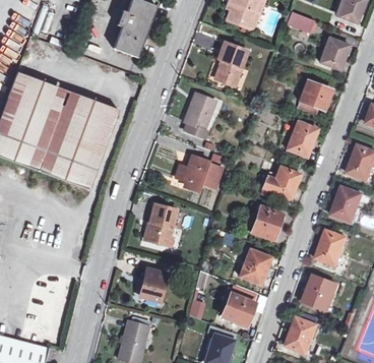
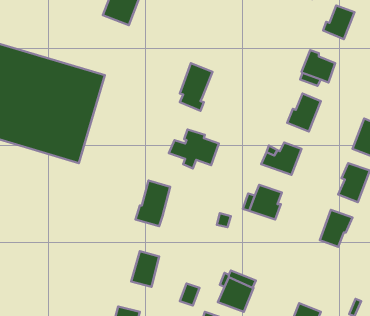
building: [214,43,247,85] -> none
building: [239,248,270,284] -> none
building: [304,275,337,309] -> none

